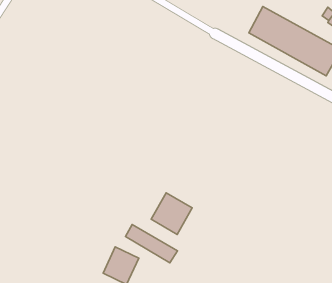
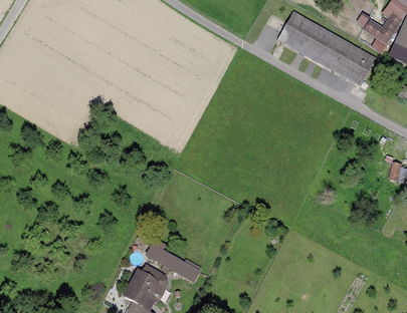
building: [151,193,192,234] -> none

